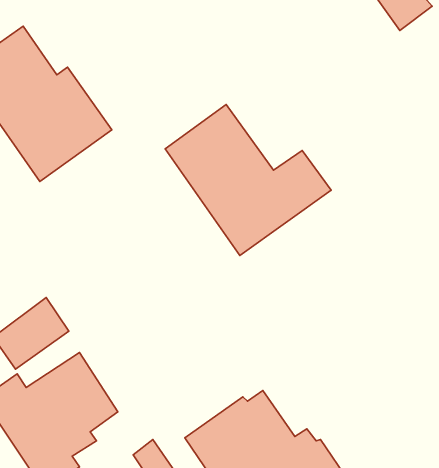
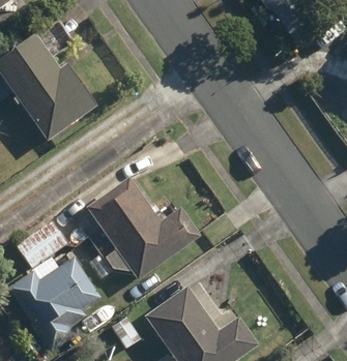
building: [165,105,331,256] -> [87,177,200,279]

